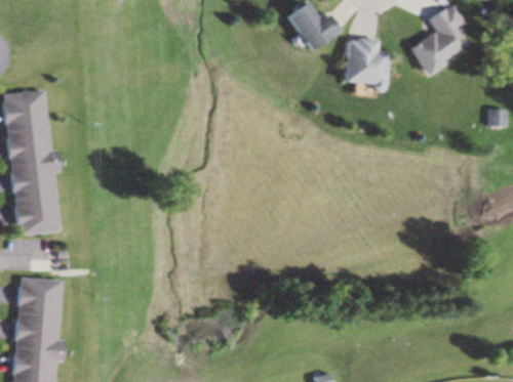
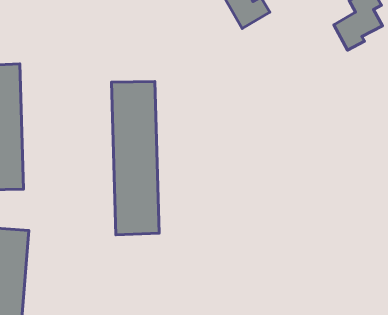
building: [343,38,387,88] -> none
building: none -> [111,82,159,235]

